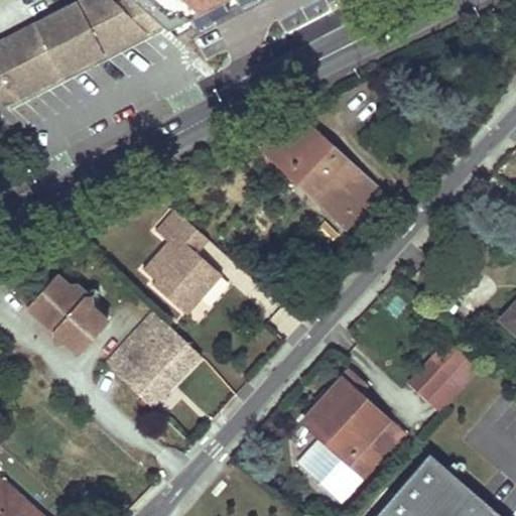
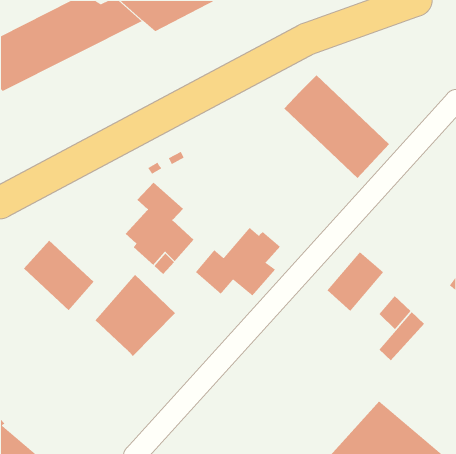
building: [260,112,380,230] -> [284,74,390,179]
building: none -> [195,227,281,296]
building: none -> [326,251,384,312]
building: [296,371,401,503] -> none

